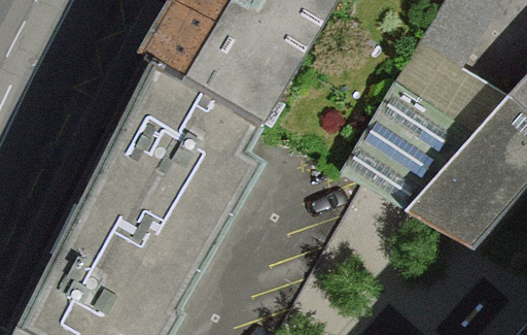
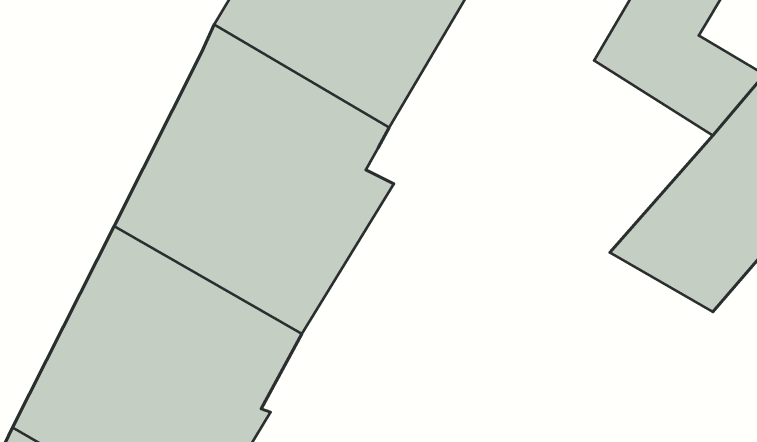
building: [350,69,483,196] -> none

